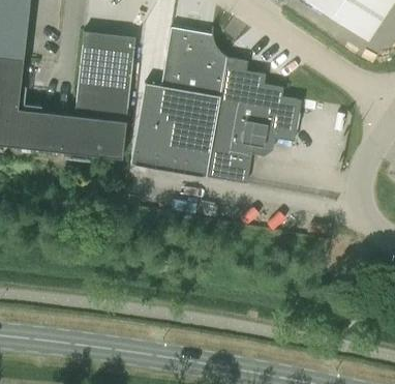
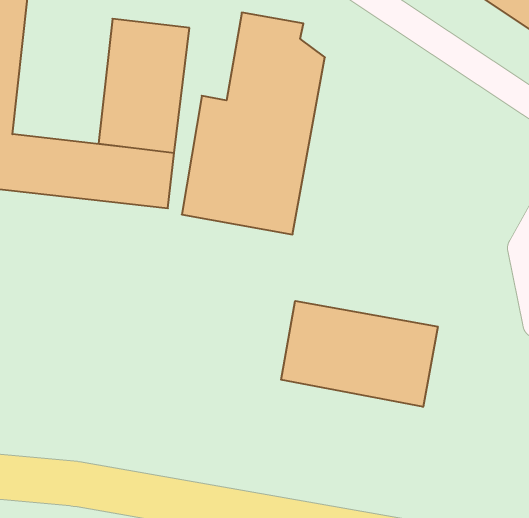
building: [206,57,302,183] -> none
building: none -> [281,301,438,407]

